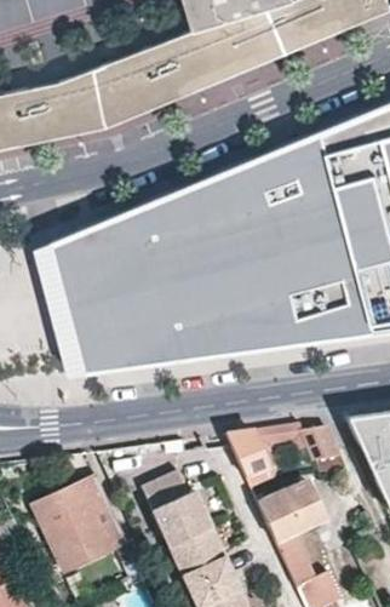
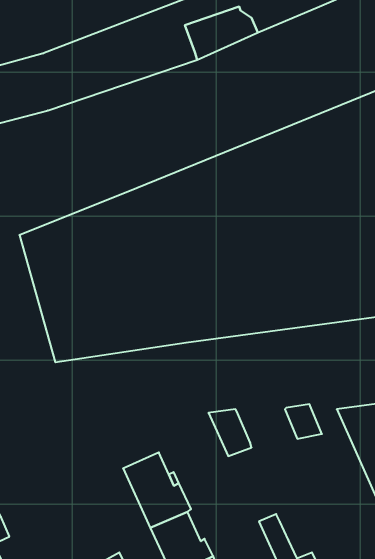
building: [33,469,124,563] -> none
building: [256,474,321,534] -> none

